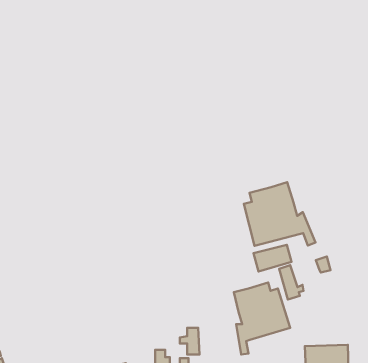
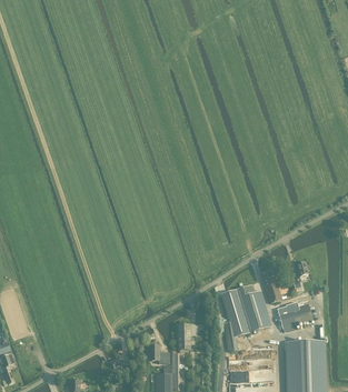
building: [244,182,316,246] -> none
building: [254,245,292,272] -> [277,304,311,329]

